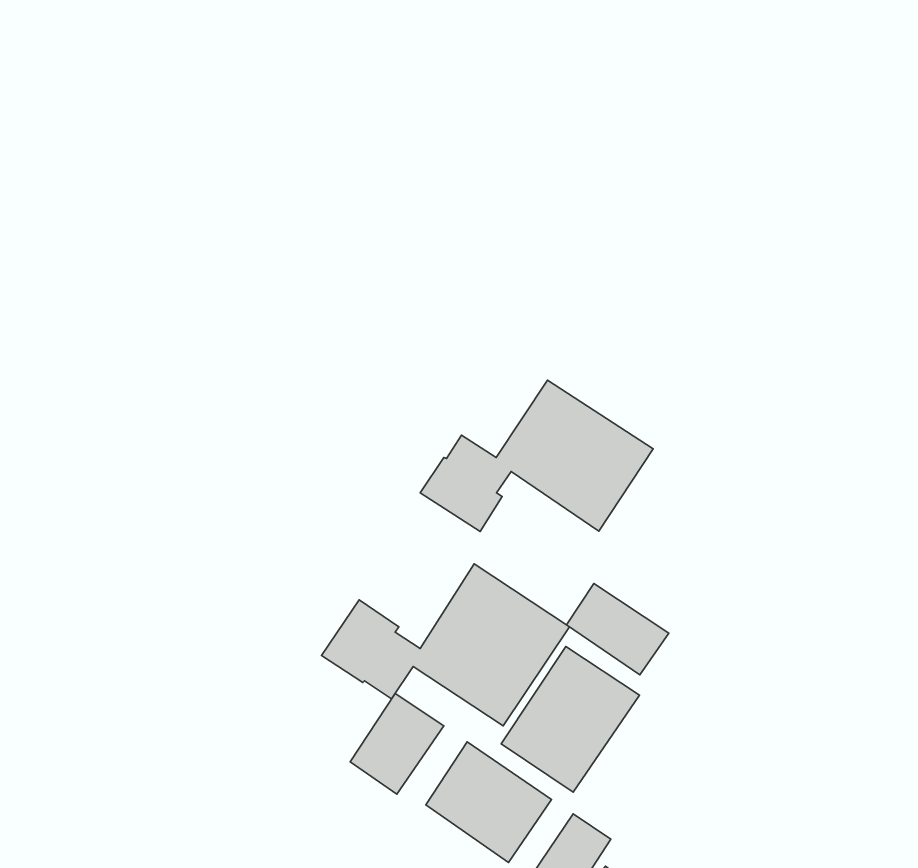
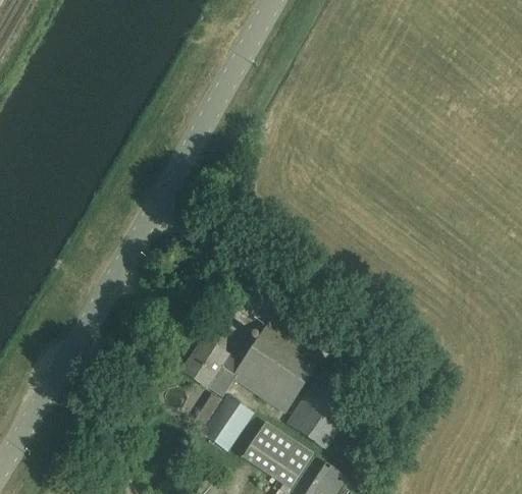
building: [420,380,653,532] -> none
building: [566,584,669,675] -> none

